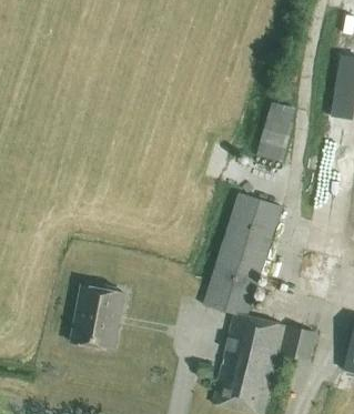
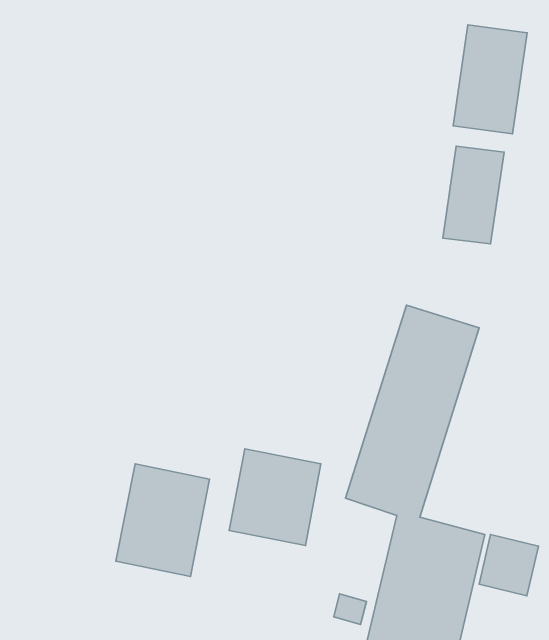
building: none -> [453,25,527,134]
building: none -> [229,449,321,546]

